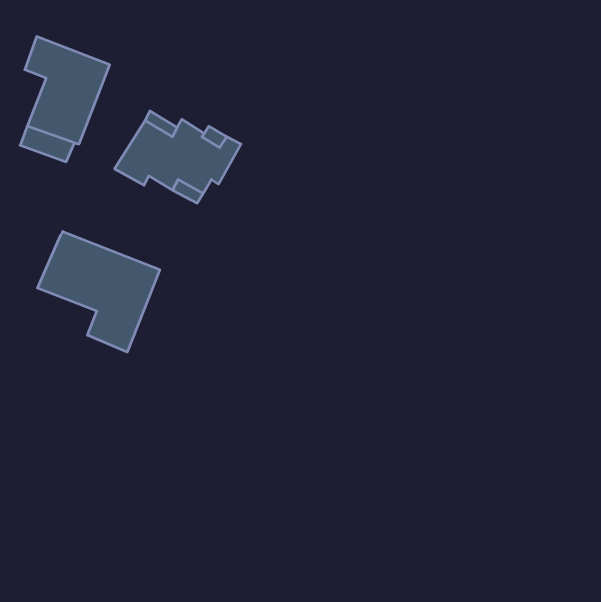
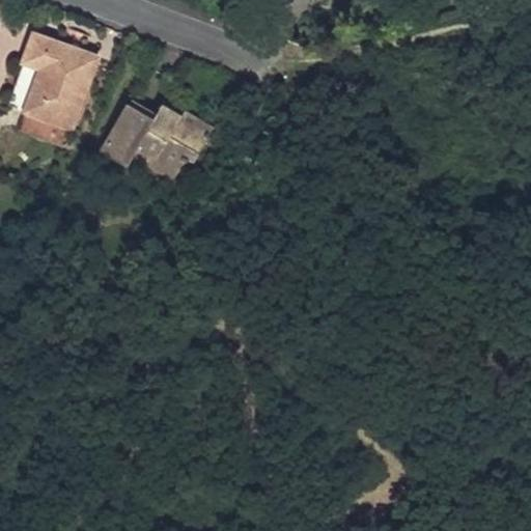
building: [37,231,160,352] -> none

